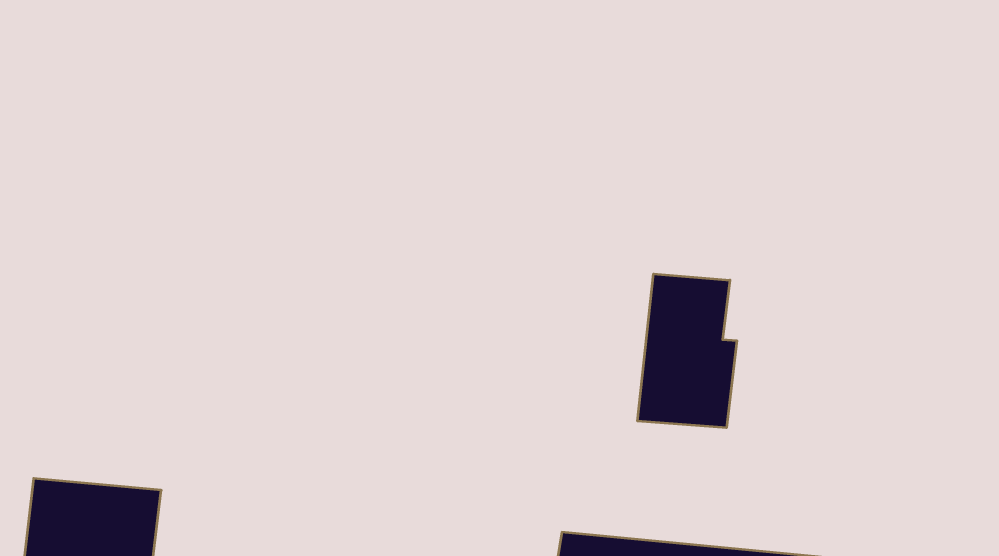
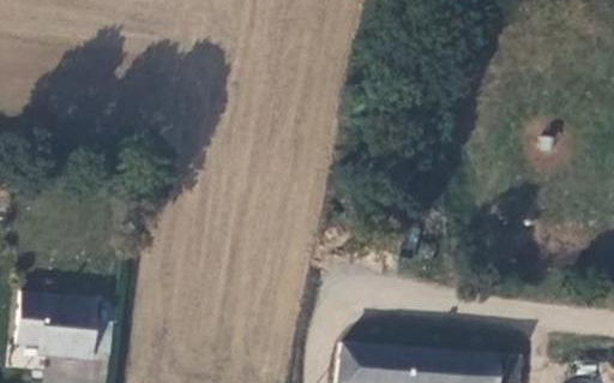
building: [638,274,737,428] -> none

